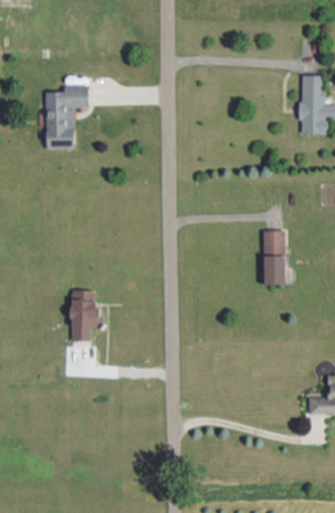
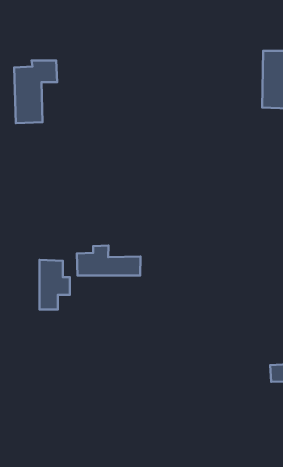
building: [263,230,285,285] -> none
building: none -> [77,246,140,275]

